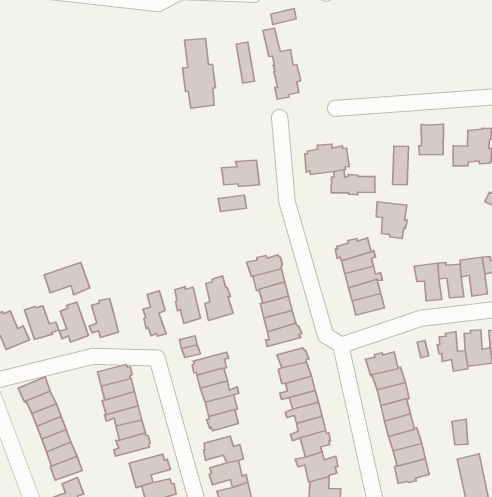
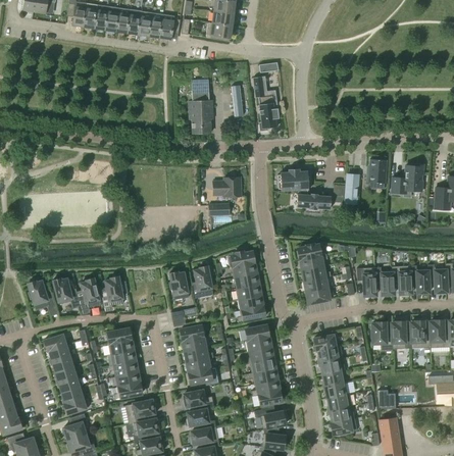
building: [376,202,407,238] -> none
building: [44,262,90,295] -> none
building: [143,291,166,336] -> none

